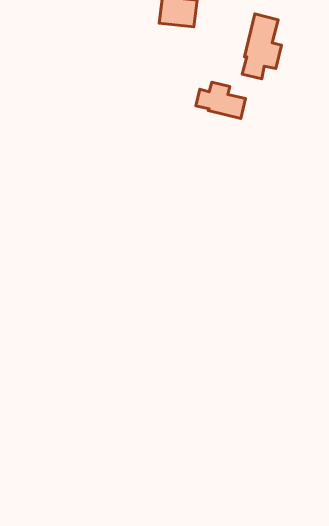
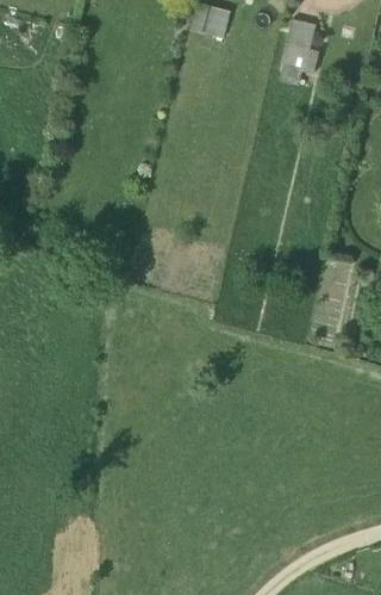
building: [196,82,245,118] -> none

